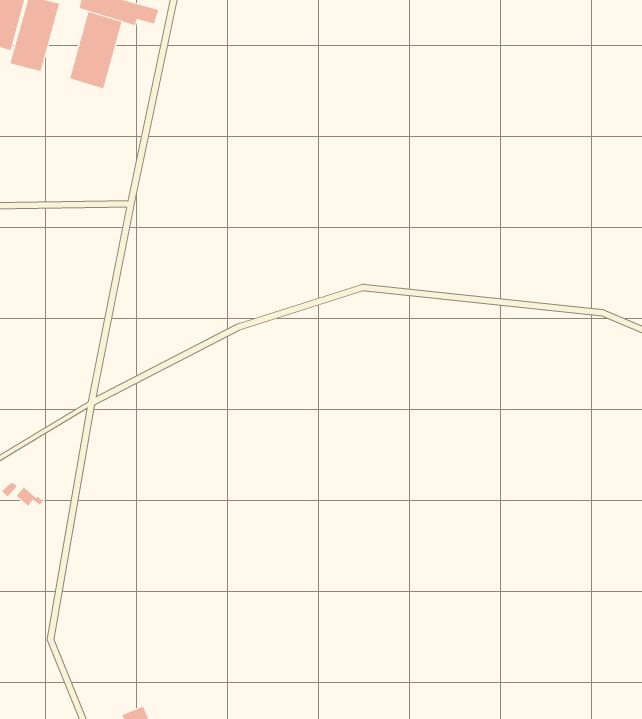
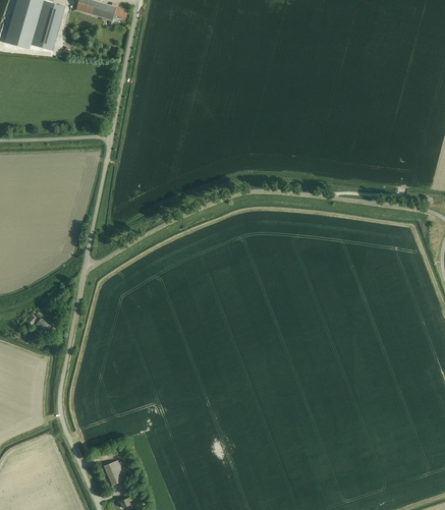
building: [69,11,122,89] -> none

